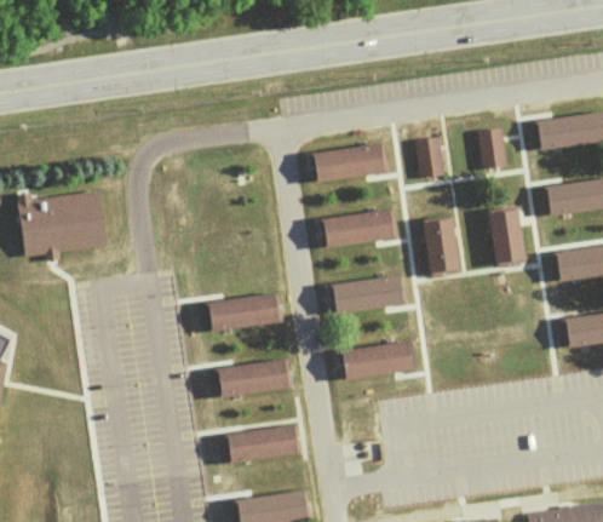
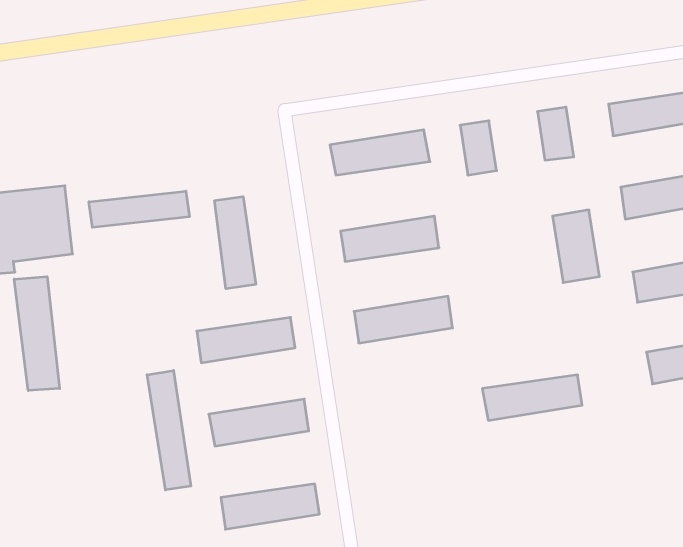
building: none -> [89,191,189,227]
building: none -> [215,197,256,289]
building: [423,216,460,274] -> none
building: none -> [14,277,60,391]
building: none -> [147,370,191,490]
building: [335,344,415,380] -> [482,375,582,420]

